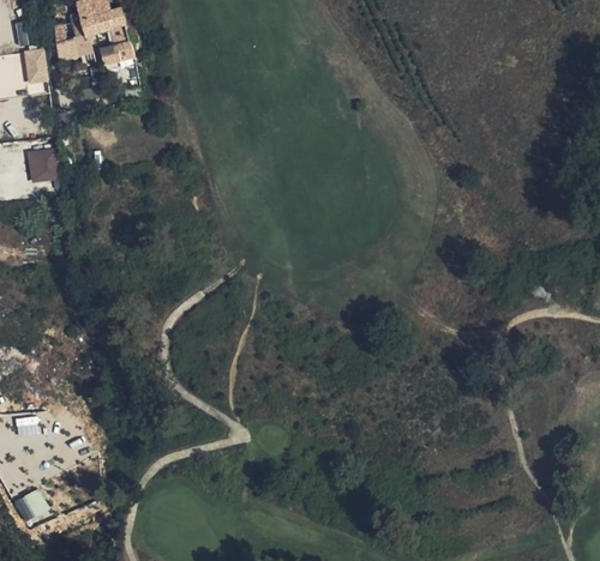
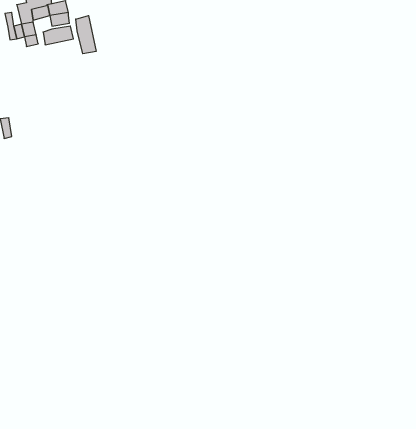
building: none -> [76,16,96,54]

